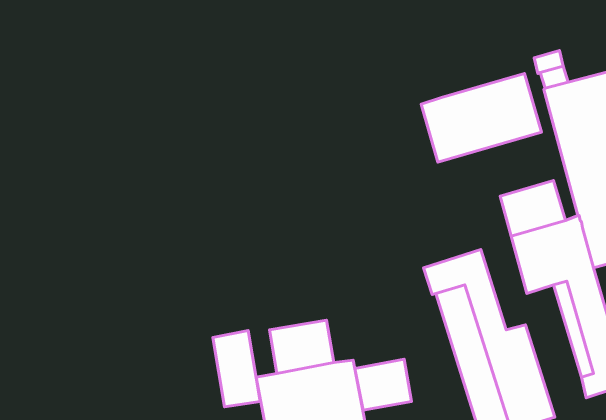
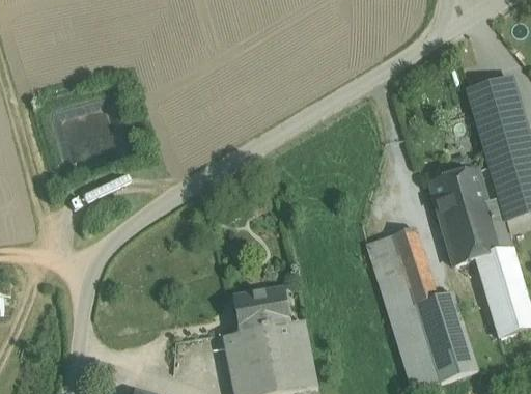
building: [421,73,542,162] -> none
building: [213,331,260,407] -> none
building: [355,359,412,410] -> none

